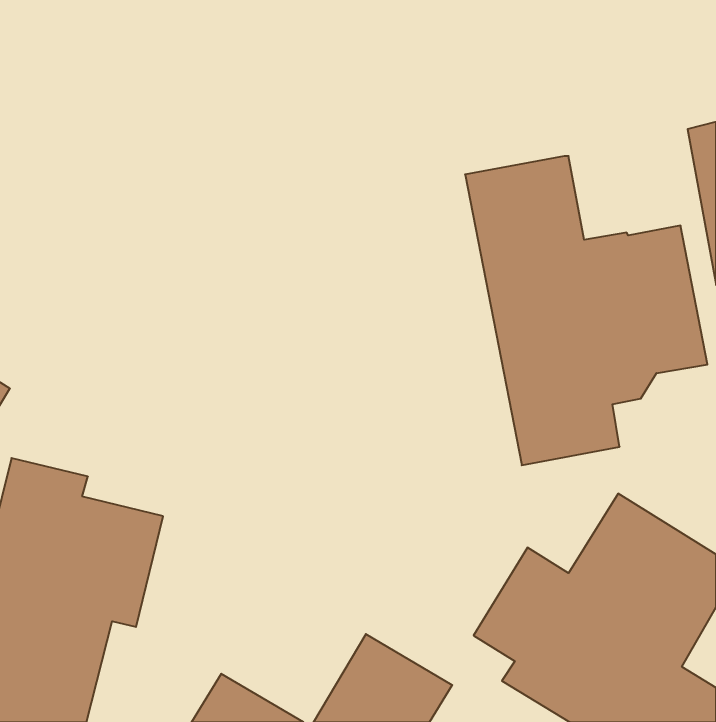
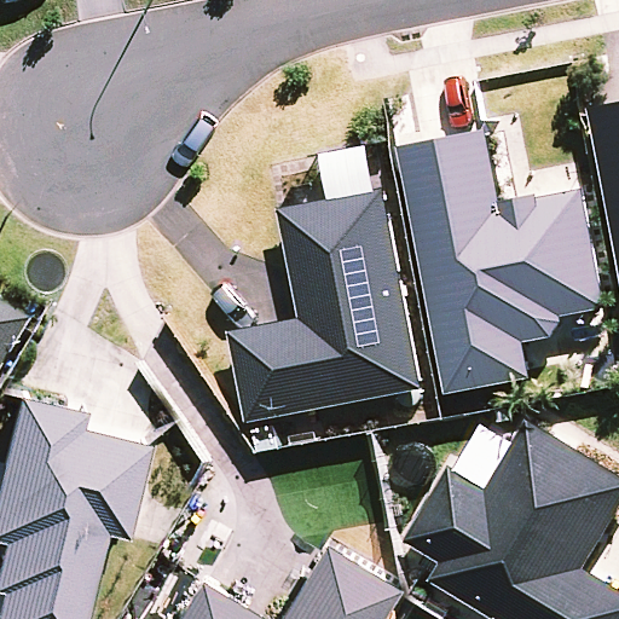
building: none -> [227,191,421,424]

